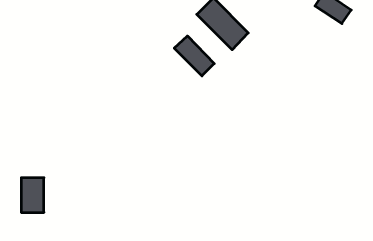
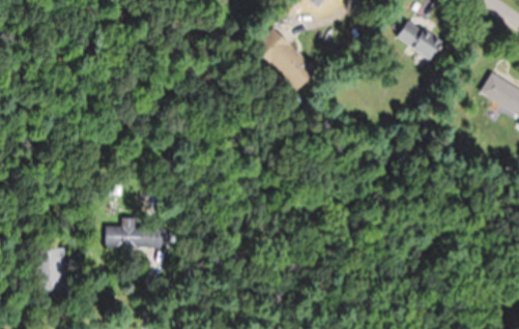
building: [174,36,214,76] -> none
building: none -> [108,218,165,248]

